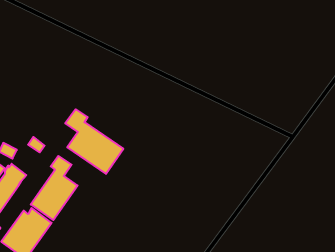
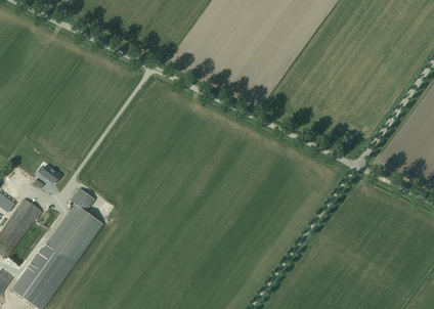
building: [65,109,123,174] -> none

